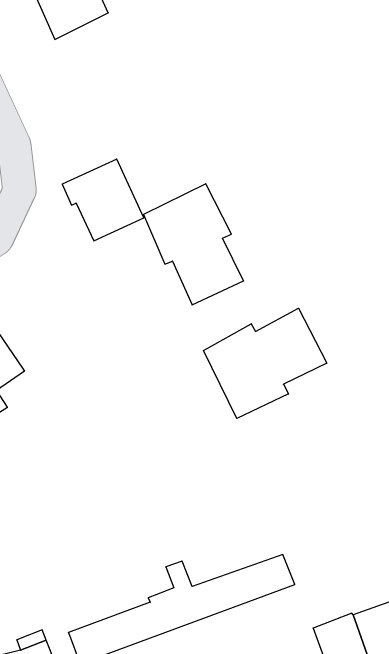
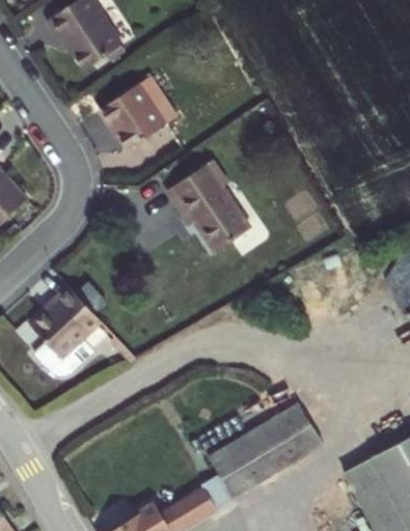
building: [62,159,144,241] -> [100,84,164,147]
building: [203,308,327,418] -> none
building: none -> [239,404,312,457]

